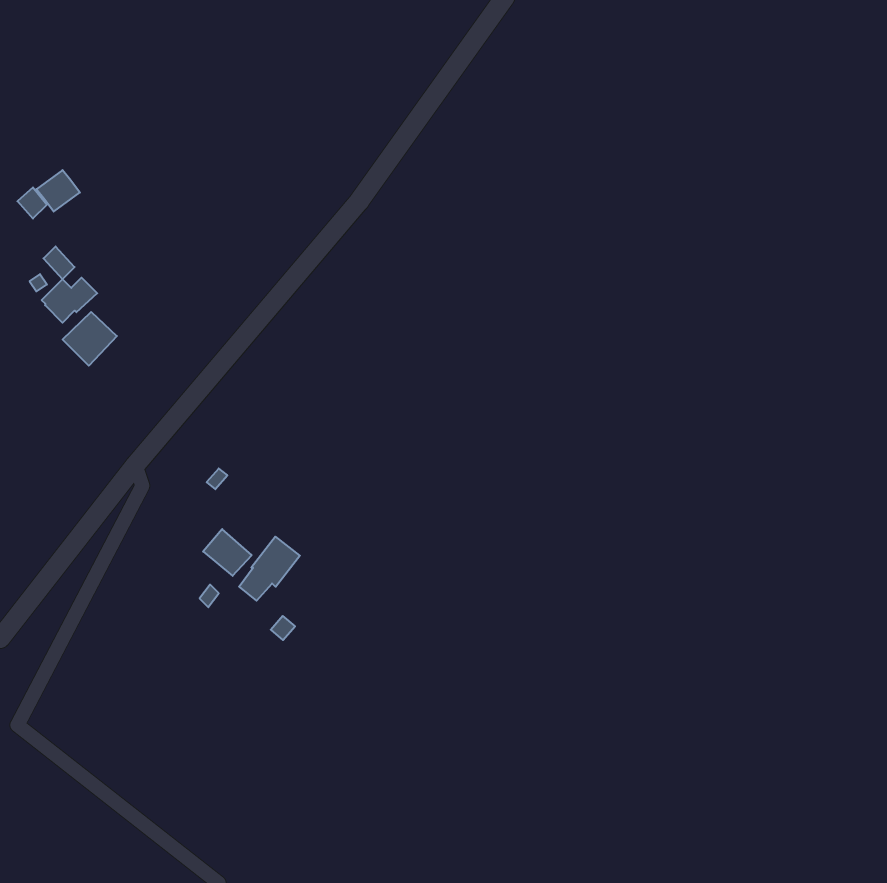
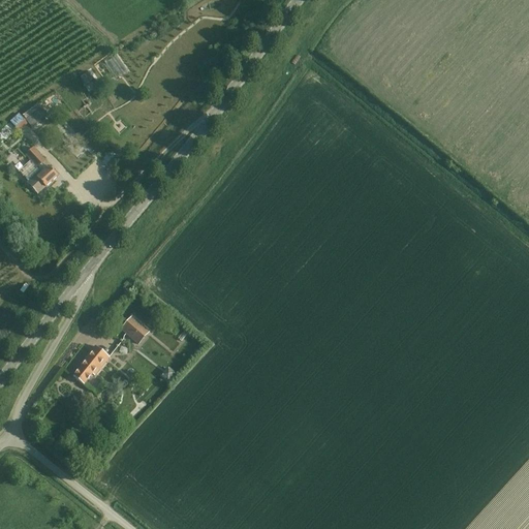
building: [63,312,117,366] -> none
building: [239,537,300,601] -> [73,345,110,383]

